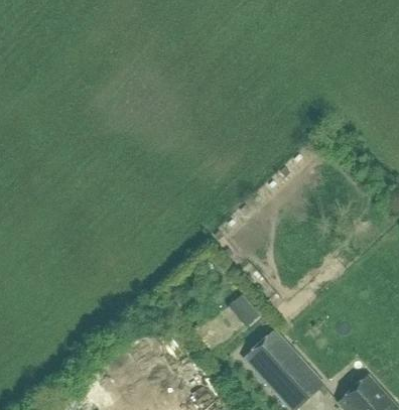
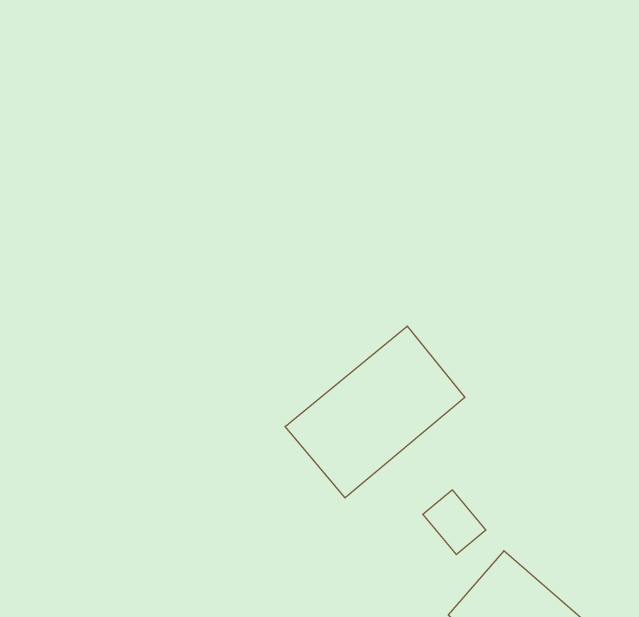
building: none -> [285,326,465,498]

